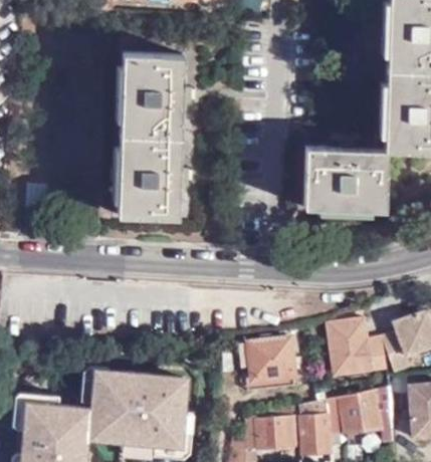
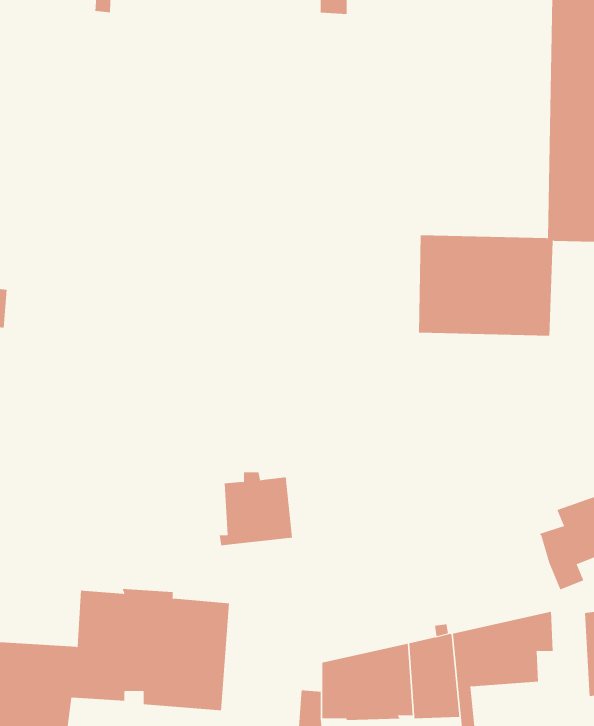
building: [118,54,184,221] -> none
building: [325,318,385,375] -> none
building: [245,335,291,382] -> [219,472,293,546]

